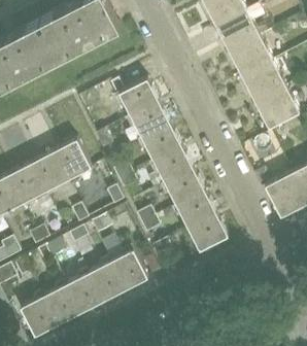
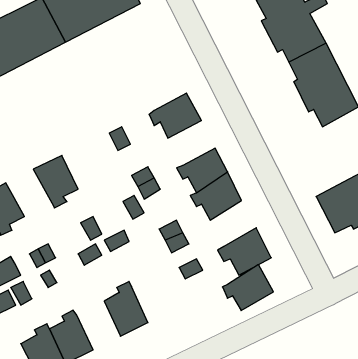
building: [110,73,158,116] -> none
building: [138,125,181,162] -> none
building: [55,141,100,185] -> none
building: [8,165,46,209] -> none
building: [173,191,215,229] -> [222,265,273,311]
building: [112,246,148,291] -> none
building: [67,270,103,314] -> none

